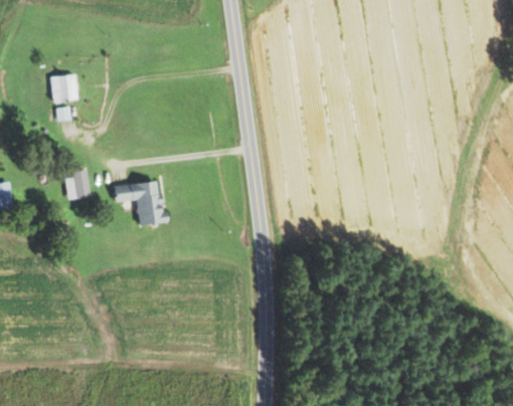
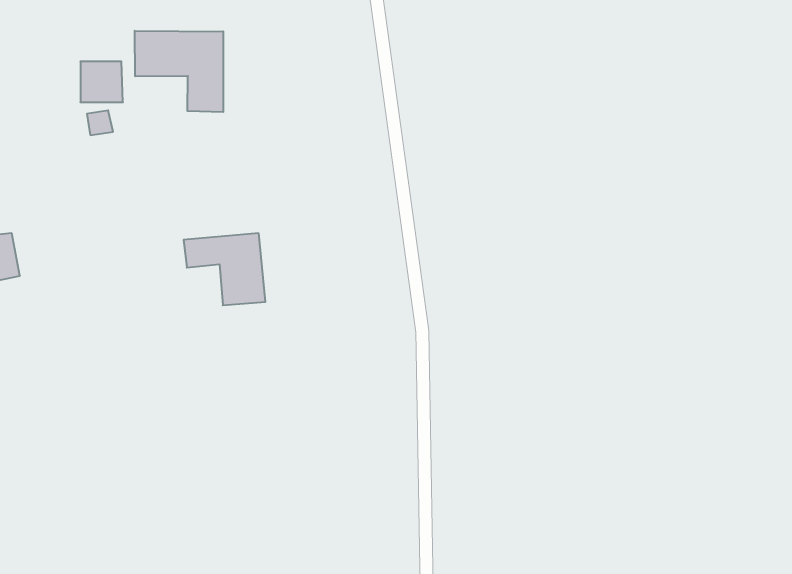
building: none -> [135,31,223,112]
building: [63,169,91,200] -> none

